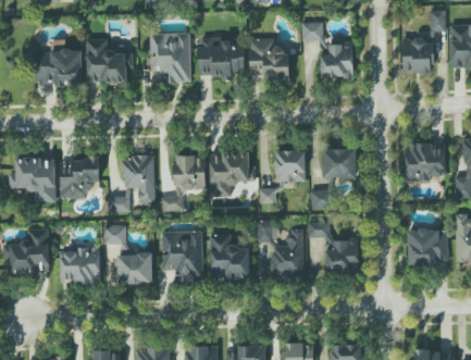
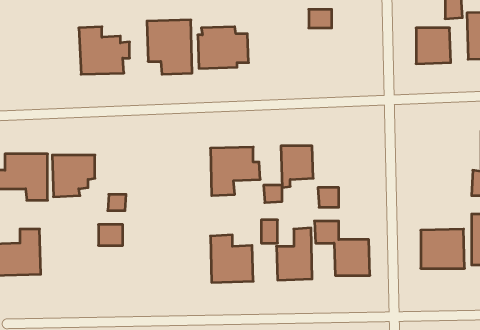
building: [249,37,289,77] -> none
building: [320,41,354,77] -> none
building: [36,49,83,85] -> none
building: [406,142,445,181] -> none
building: [322,147,357,178] -> none
building: [122,154,156,203] -> none
building: [162,154,206,211] -> none
building: [161,231,202,281] -> none
building: [60,246,100,284] -> none
building: [117,252,153,284] -> none

